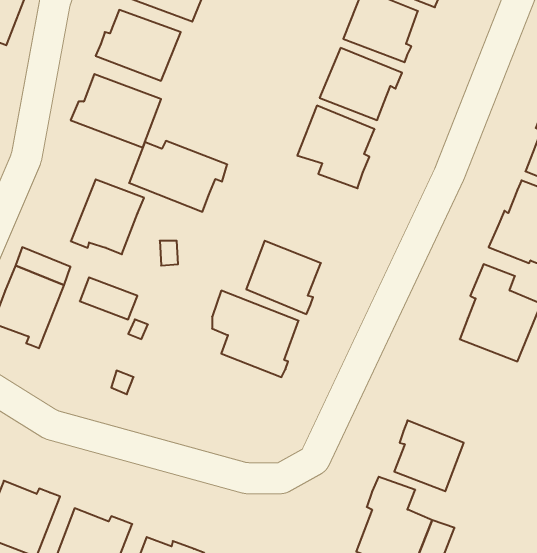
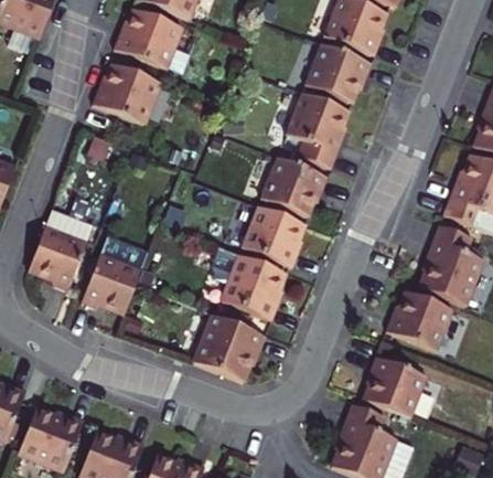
building: [129,141,227,212] -> [245,156,328,215]
building: [71,179,144,254] -> [79,255,141,318]
building: none -> [387,290,450,348]
building: none -> [189,312,266,380]

